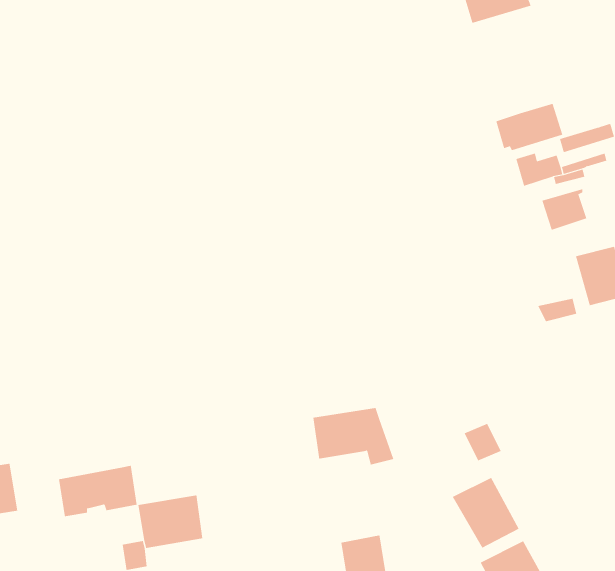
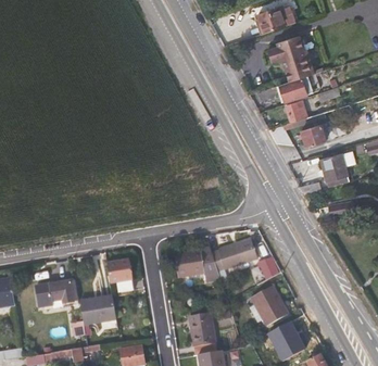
building: none -> [266,39,313,86]
building: none -> [212,239,259,282]
building: none -> [106,257,133,289]

